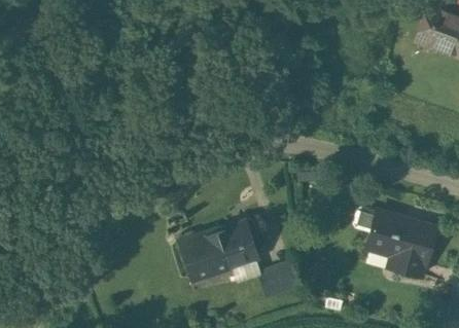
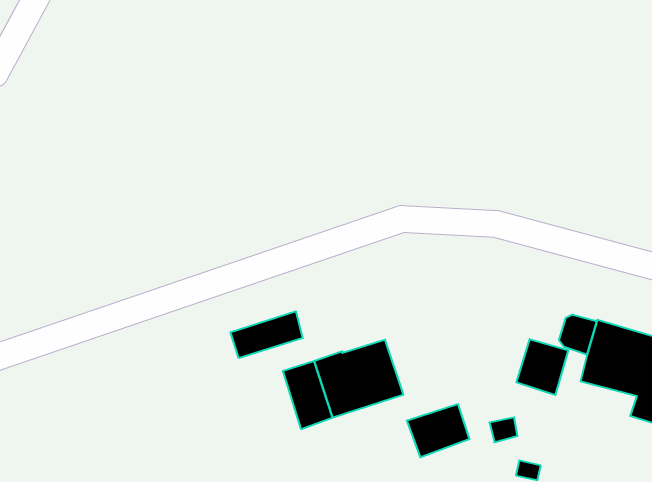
building: none -> [231,311,303,358]
building: none -> [516,339,568,395]

